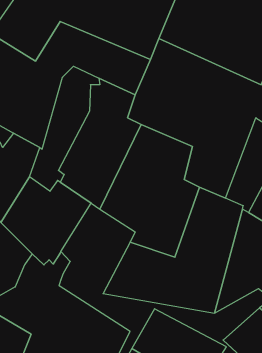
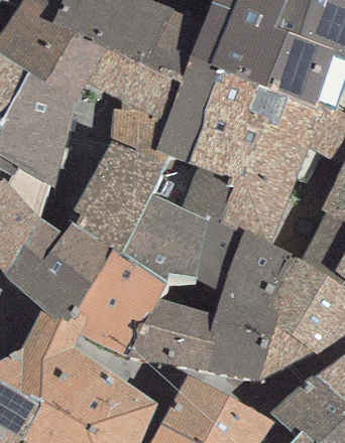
building: none -> [74,251,163,358]

